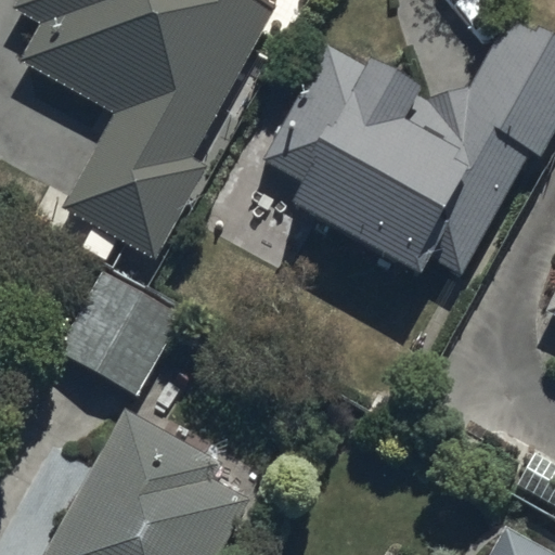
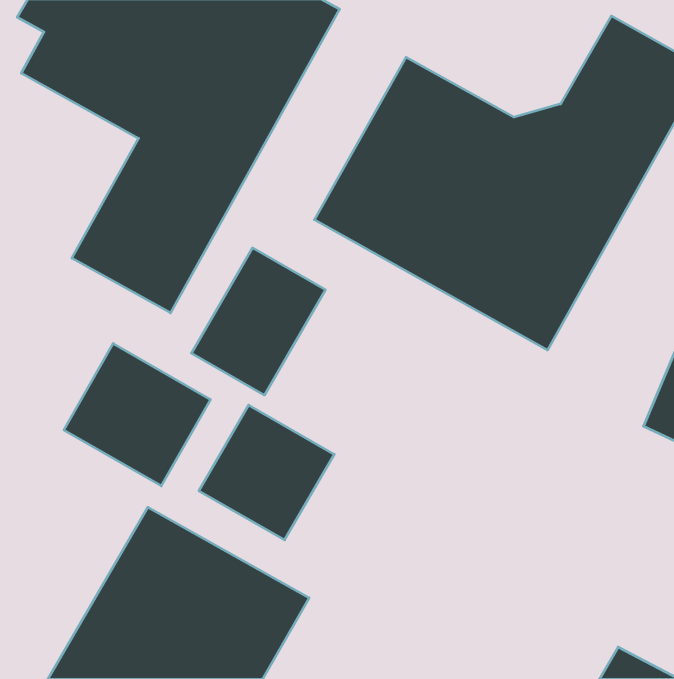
building: none -> [191,248,325,395]
building: none -> [199,405,334,540]

